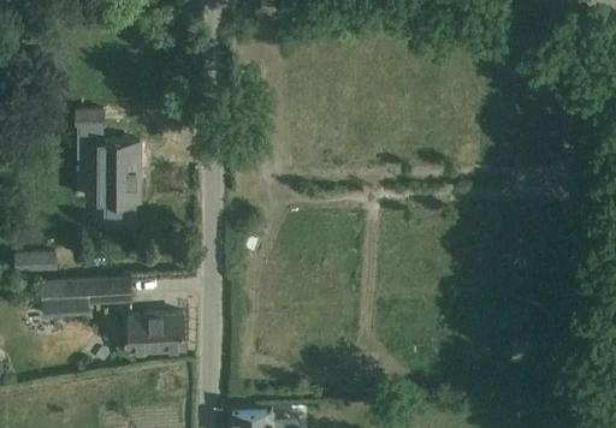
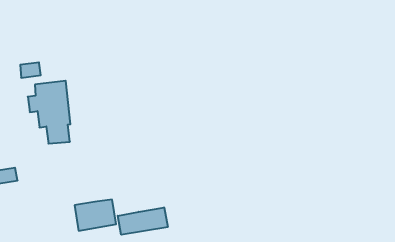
building: [41,277,131,304] -> none
building: none -> [118,207,168,235]

